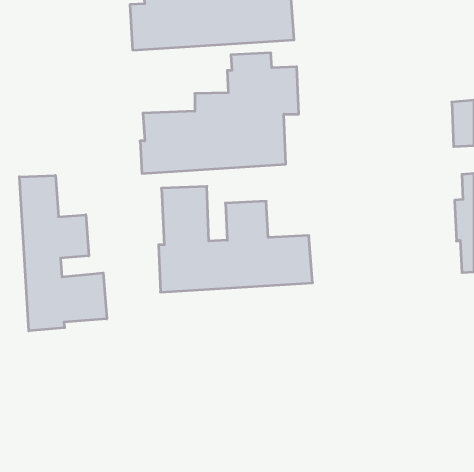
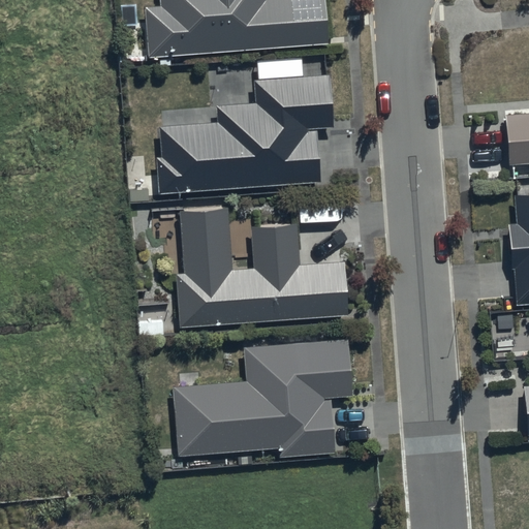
building: [19,175,107,331] -> none
building: none -> [174,340,352,457]

